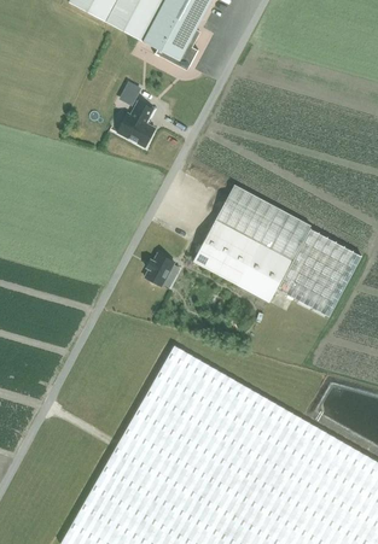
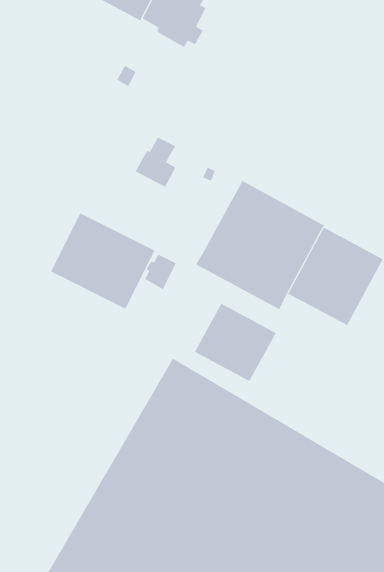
building: [118,101,156,147] -> [135,137,176,188]
building: none -> [51,212,155,310]
building: none -> [194,303,276,382]

